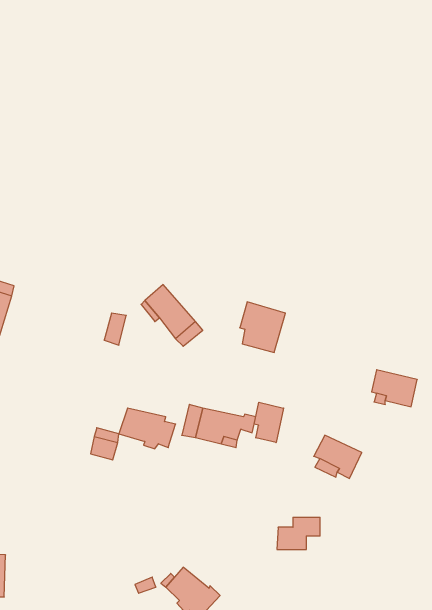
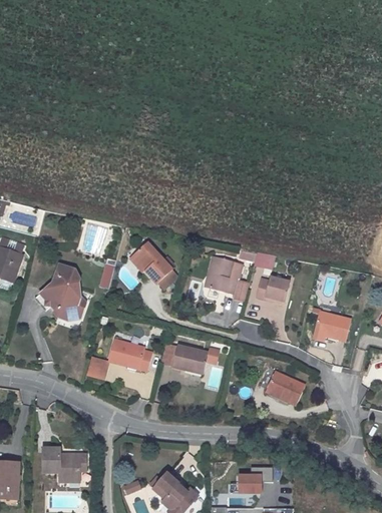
building: none -> [34,262,84,319]
building: none -> [255,279,290,304]
building: [254,402,284,443] -> none
building: [277,517,320,549] -> [238,466,273,492]
building: none -> [42,445,85,475]

